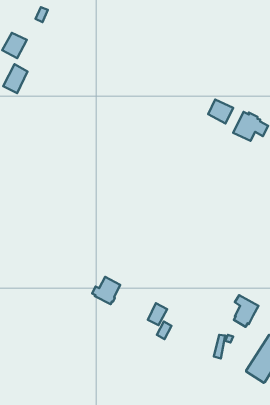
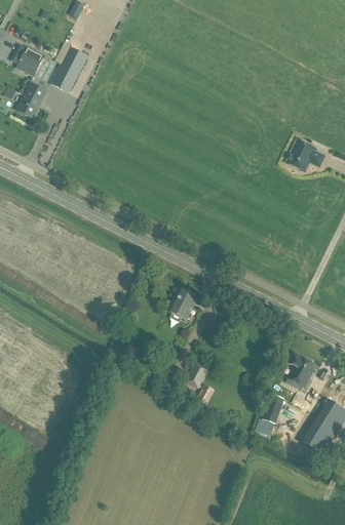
building: none -> [50,46,87,91]
building: [208,100,233,123] -> none
building: [92,277,120,304] -> [164,288,197,320]

